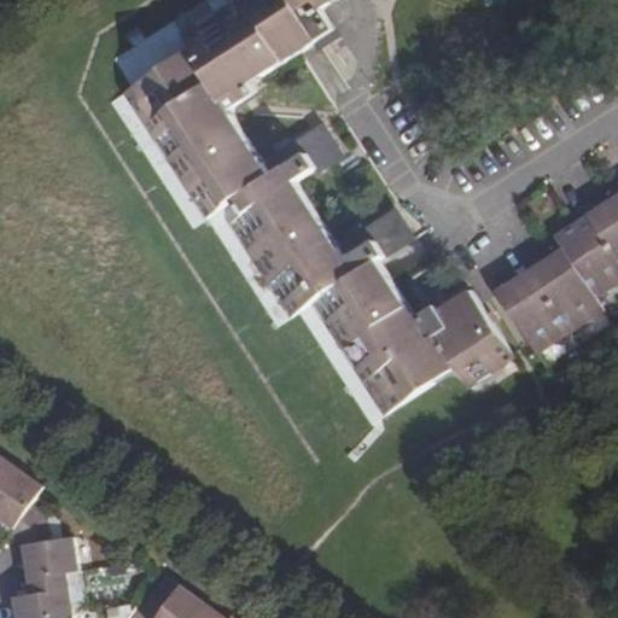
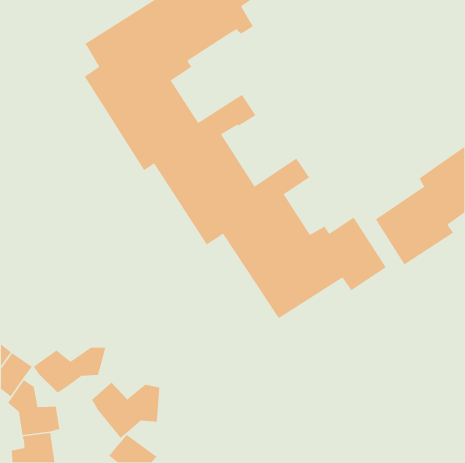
building: none -> [33,347,106,394]
building: none -> [91,382,160,439]

